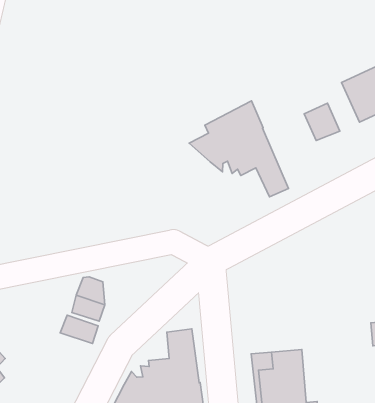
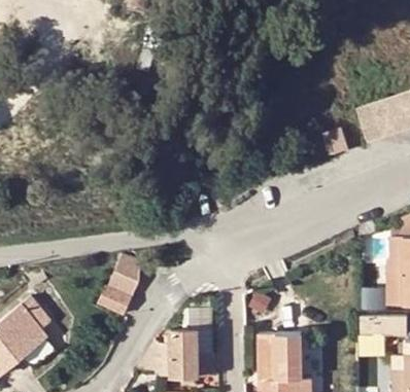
building: [189,101,289,197] -> none

